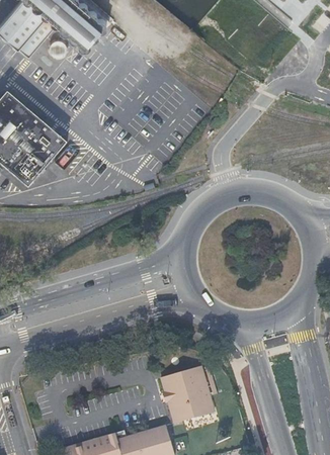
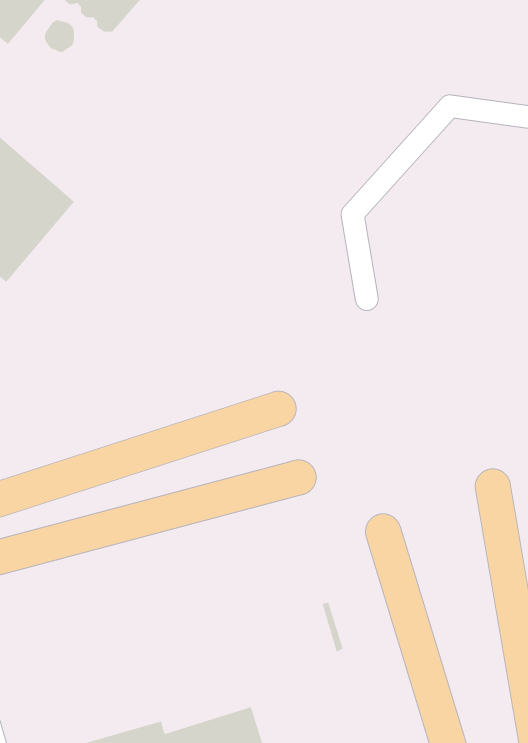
building: [160,365,214,423] -> none

